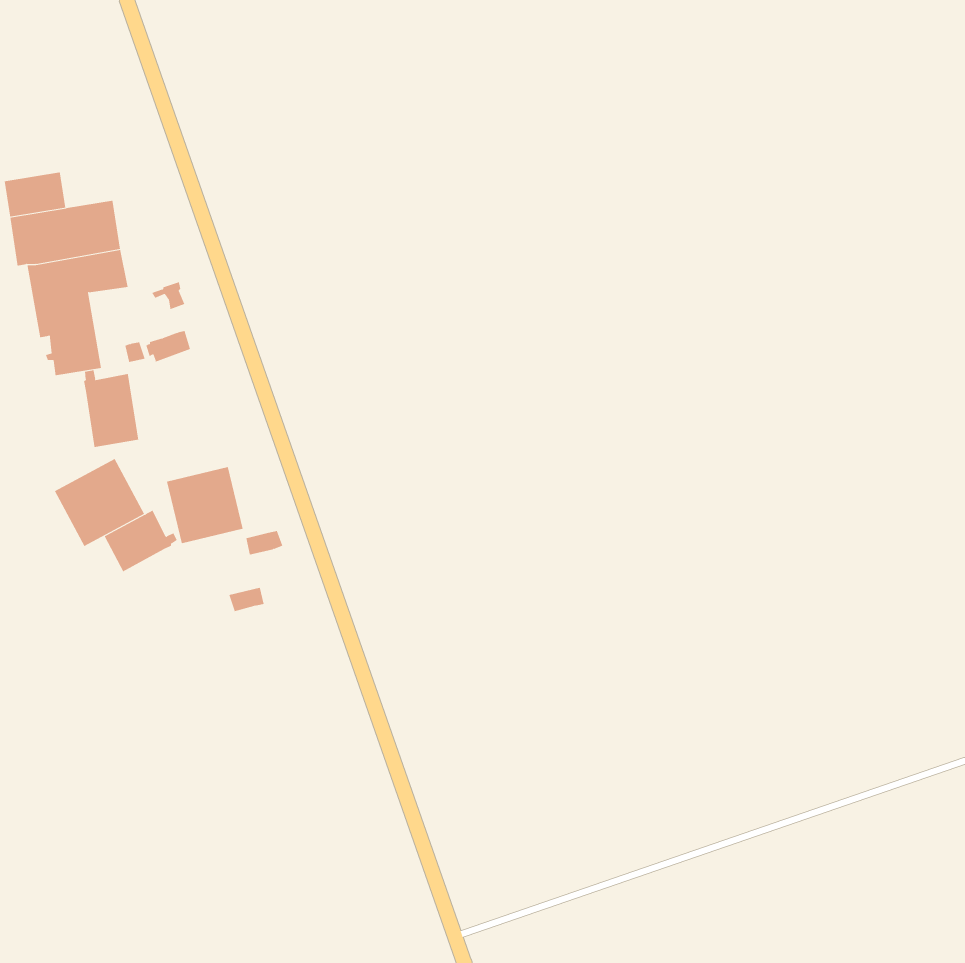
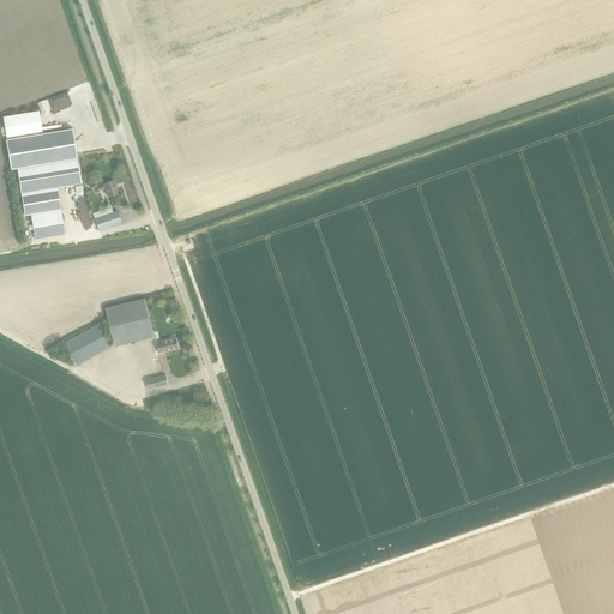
building: [84,370,139,448] -> none
building: [54,458,145,547] -> none

